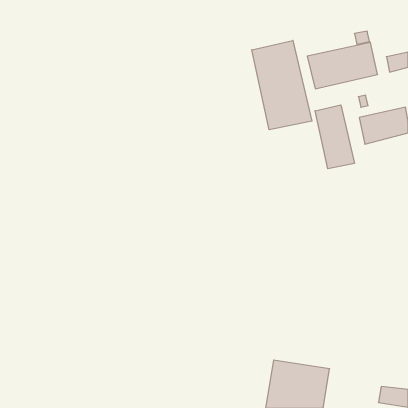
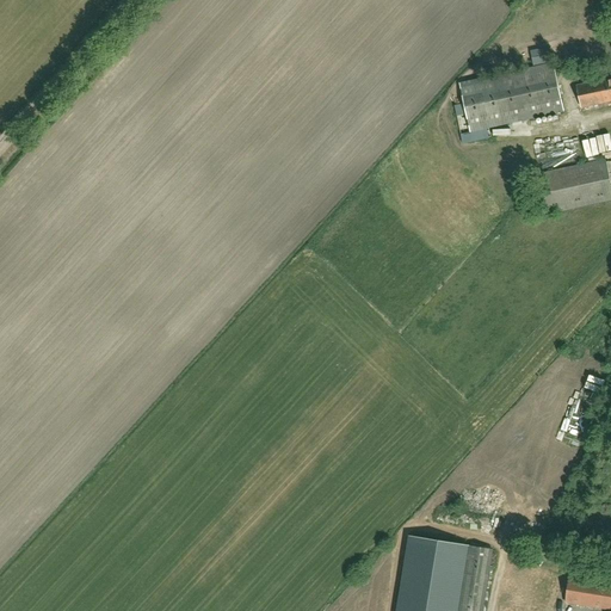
building: [252,40,312,130] -> none
building: [315,105,354,169] -> none

